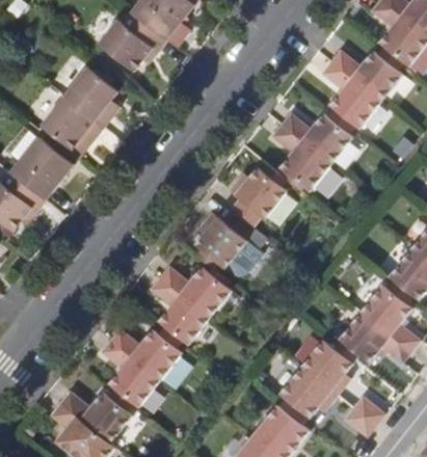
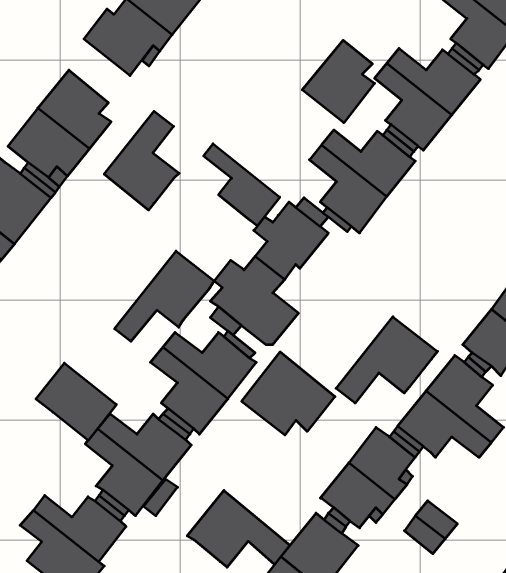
building: none -> [302,40,375,123]
building: none -> [104,111,179,210]
building: none -> [204,144,280,226]
building: none -> [115,251,214,341]
building: none -> [336,317,438,403]
building: none -> [242,352,335,435]
building: none -> [36,363,116,440]
building: none -> [187,490,290,567]

